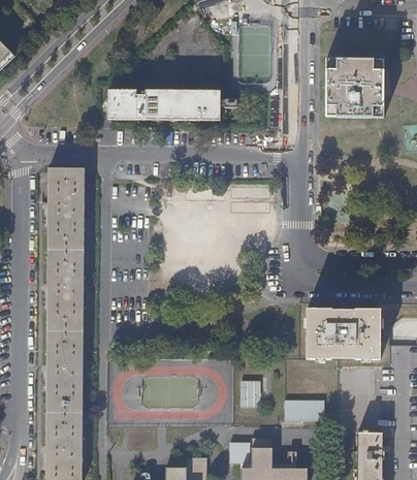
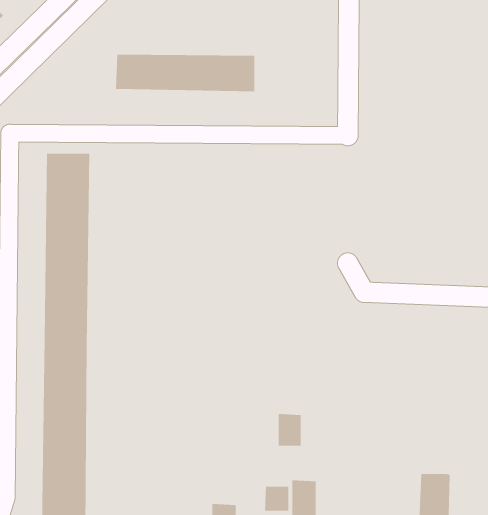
building: [326,60,383,118] -> none
building: [306,309,380,359] -> none
building: [283,401,322,422] -> none

